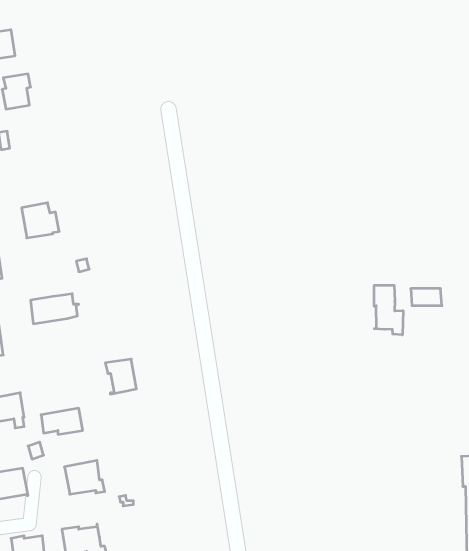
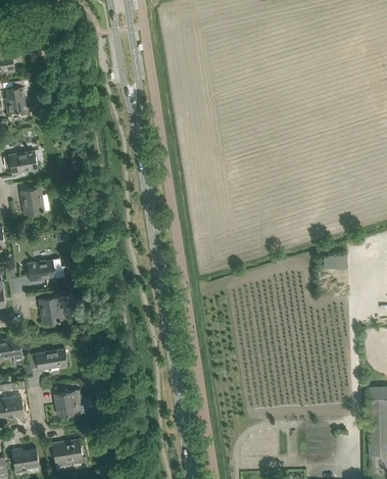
building: none -> [8,151,37,176]
building: [374,285,403,335] -> none
building: [105,359,136,394] -> [38,296,62,324]

